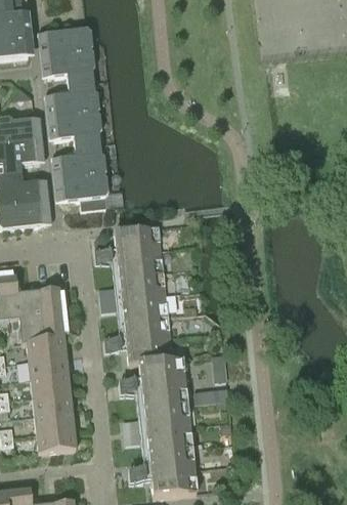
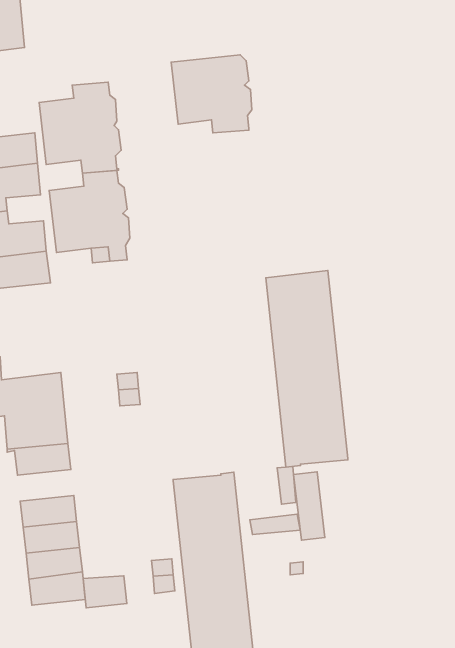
building: [37,28,94,83] -> [171,55,252,133]
building: [114,225,172,365] -> [266,271,348,467]
building: [28,355,68,378] -> none
building: none -> [294,472,325,540]
building: none -> [83,576,127,608]

